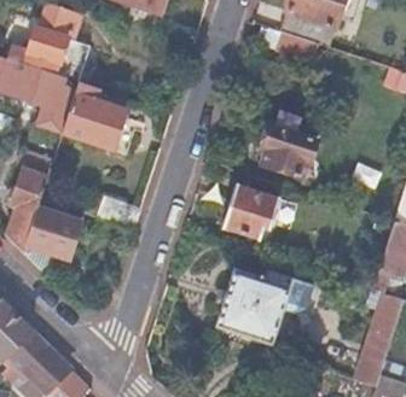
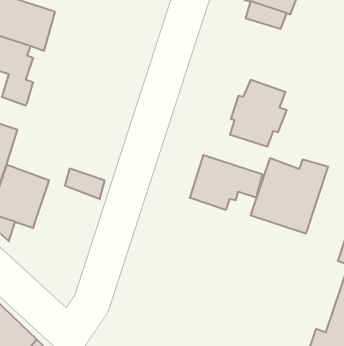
building: [62,81,127,150] -> none
building: [215,269,292,344] -> [250,158,328,233]

